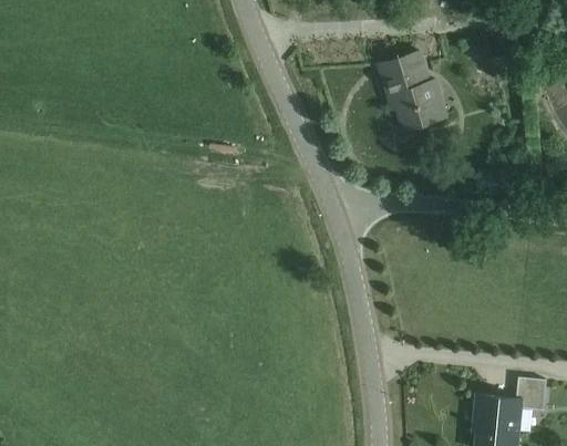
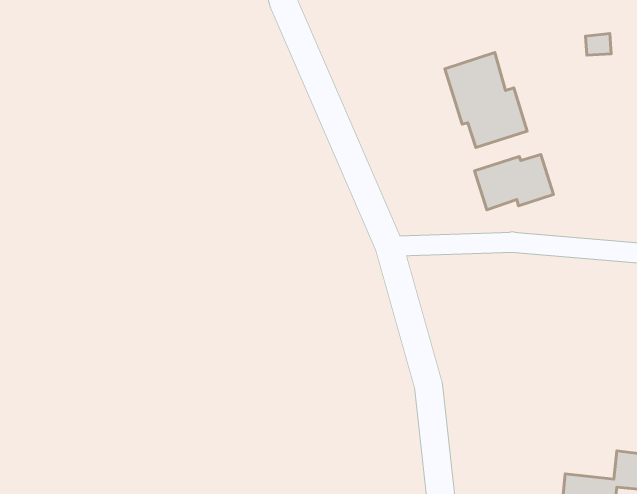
building: none -> [475,155,553,210]

